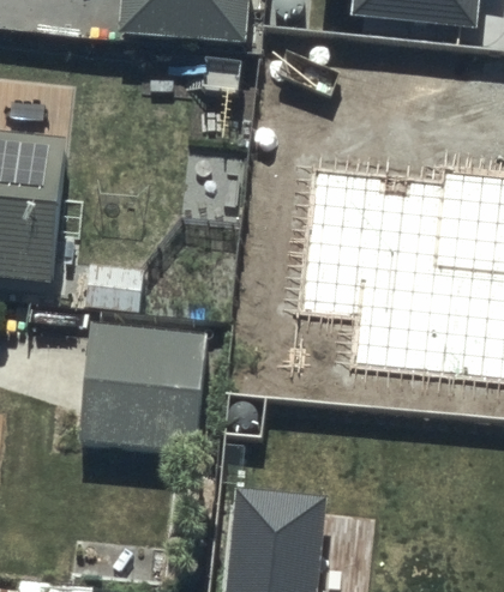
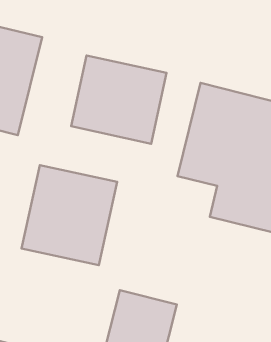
building: none -> [71,55,167,144]

